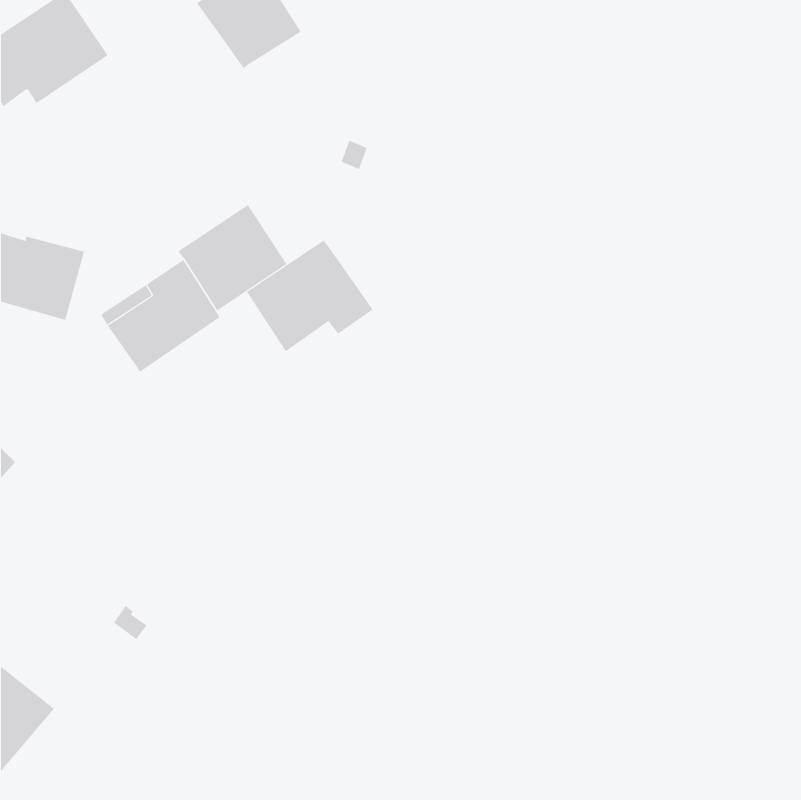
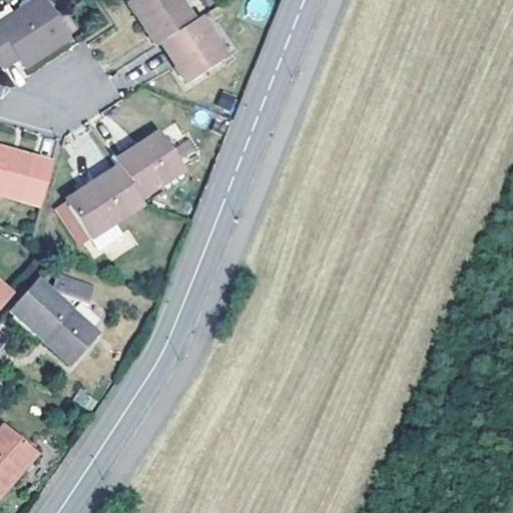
building: none -> [158,16,225,82]
building: [246,240,374,352] -> none
building: none -> [10,276,98,364]

